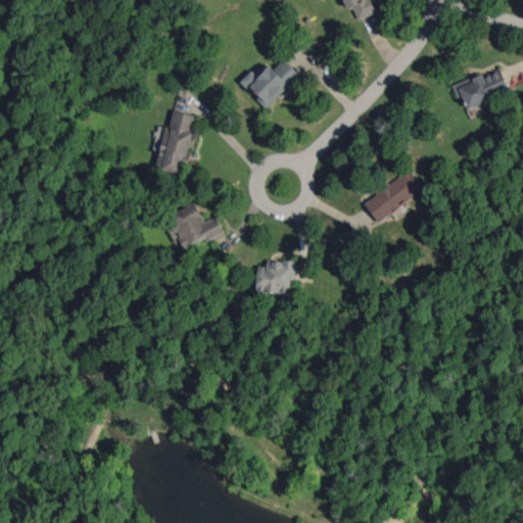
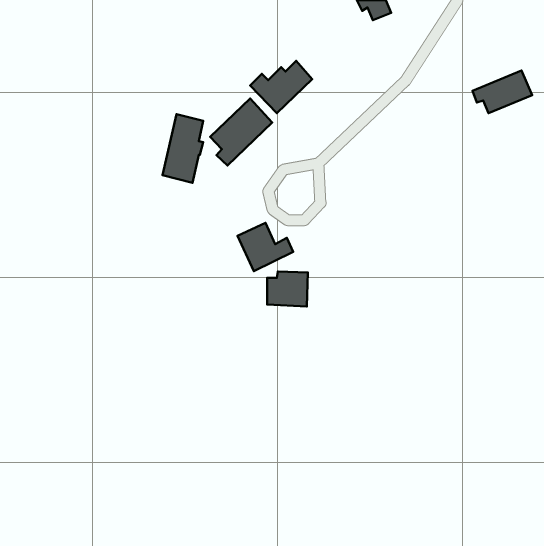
building: none -> [210,99,272,165]
building: [363,169,422,223] -> none
building: [168,202,221,248] -> [238,223,293,271]

